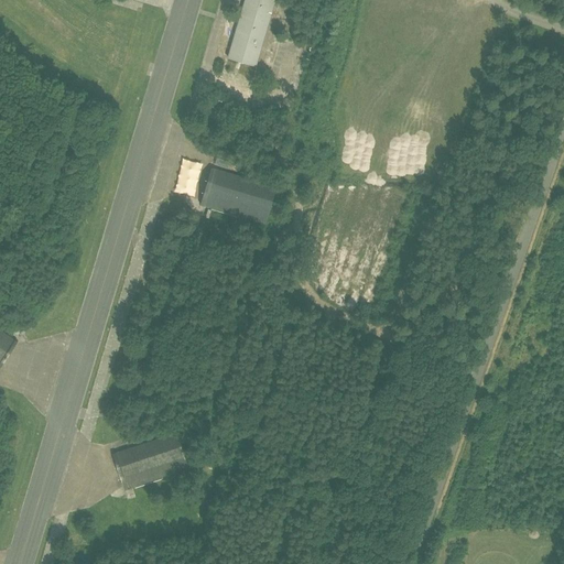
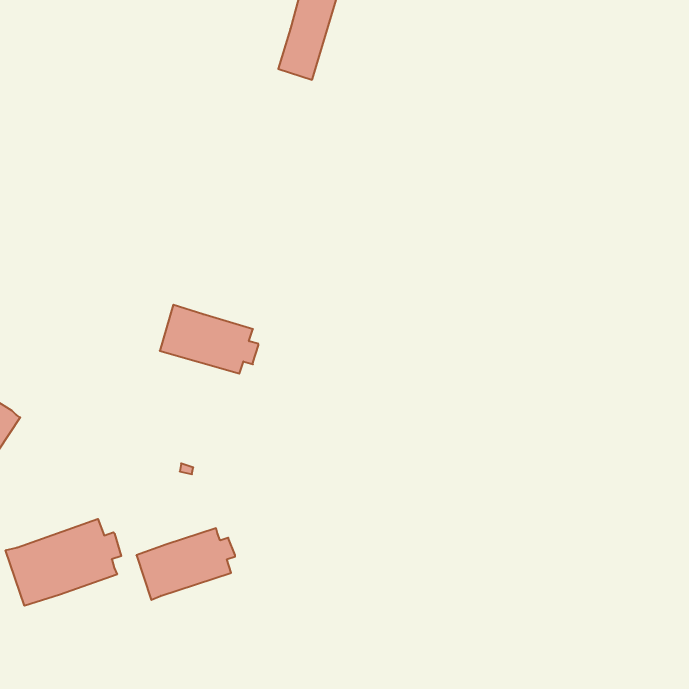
building: [199,166,280,223] -> [160,305,258,374]
building: none -> [6,519,121,606]

